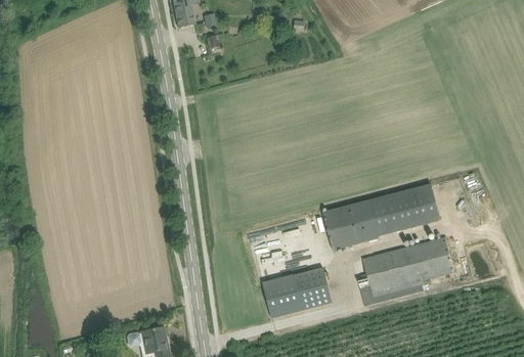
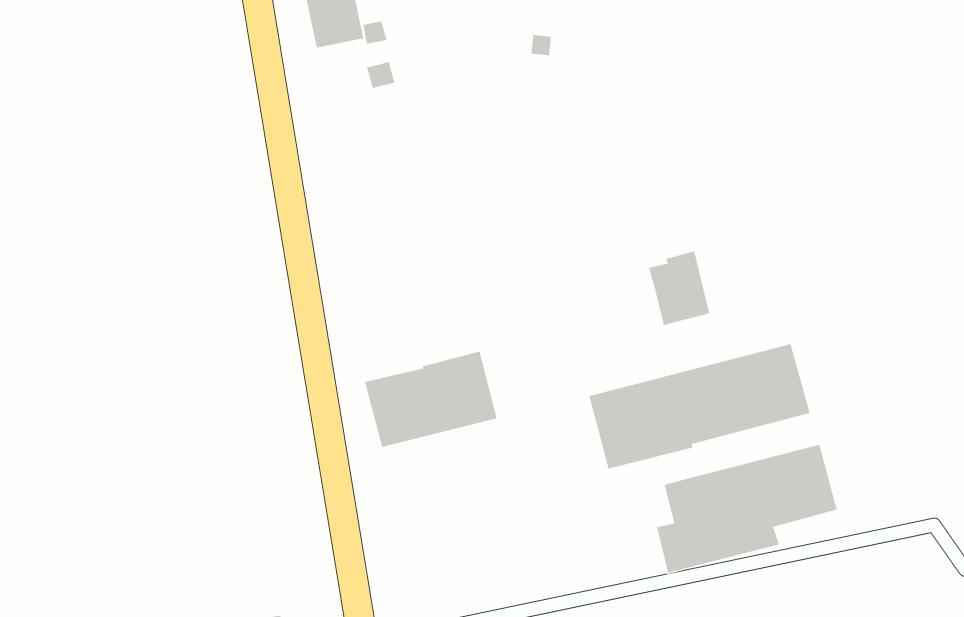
building: none -> [649,251,710,326]
building: [262,266,333,317] -> [364,351,497,447]

